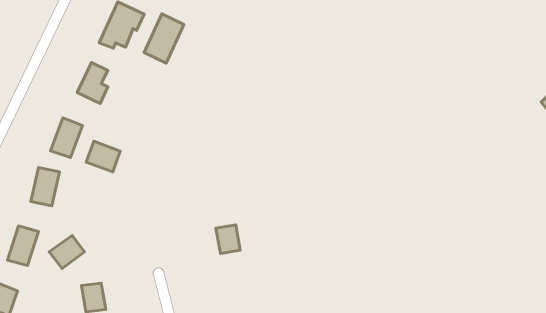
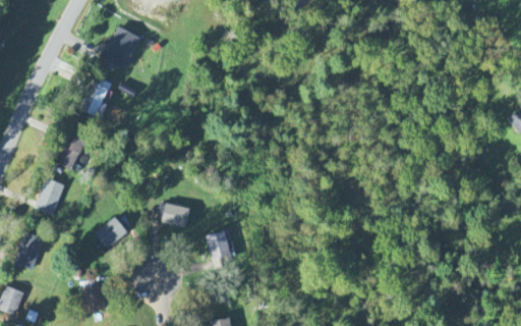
building: [144,14,184,63] -> none
building: [86,141,120,172] -> none
building: none -> [158,202,189,227]
building: [49,235,84,268] -> [94,217,126,248]

